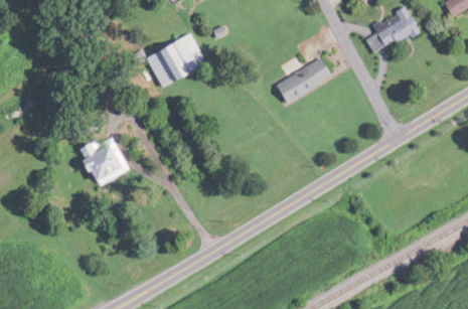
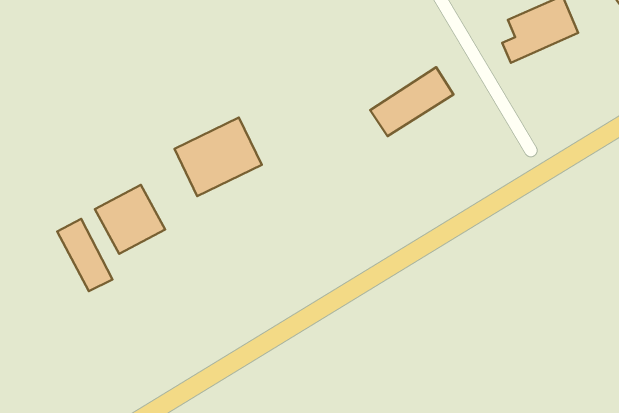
building: [149,33,210,89] -> [174,117,262,196]
building: none -> [57,219,112,291]

